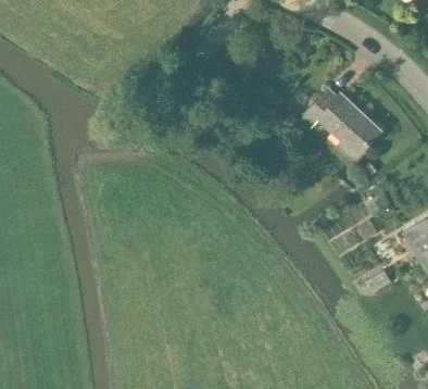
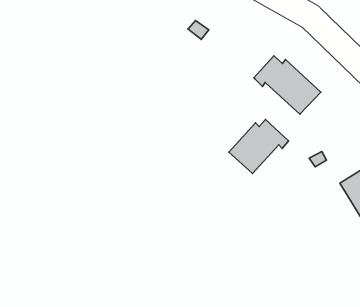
building: none -> [229,120,289,173]

